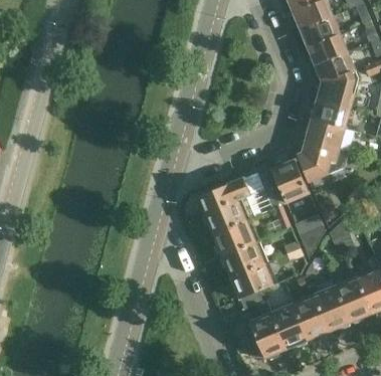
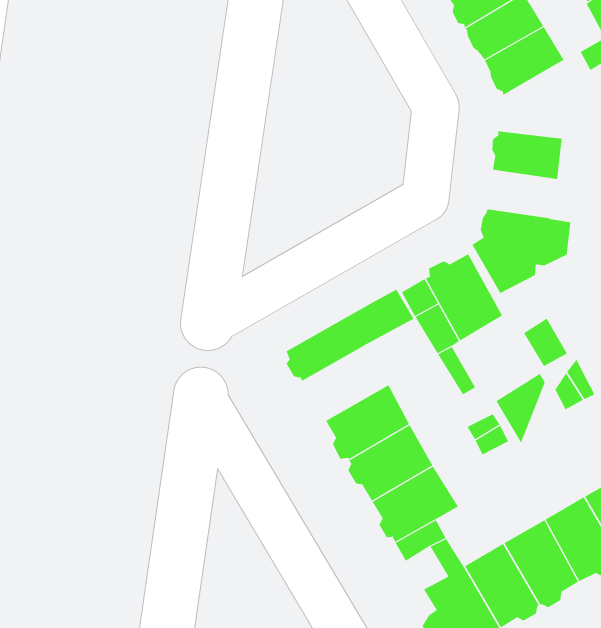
building: [316,68,355,108] -> none
building: [306,119,344,147] -> none
building: [202,198,246,233] -> none

